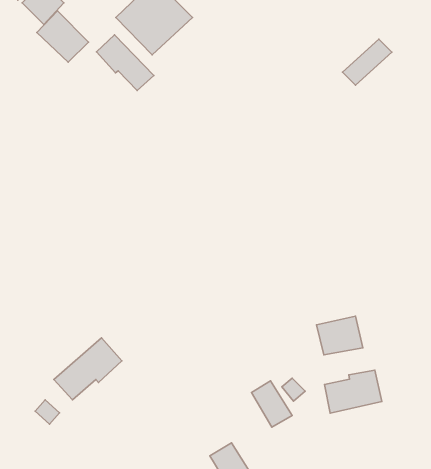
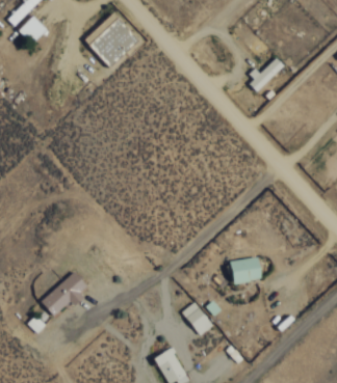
building: [37,11,89,62] -> none
building: [97,35,154,91] -> none
building: [325,370,382,413] -> none

